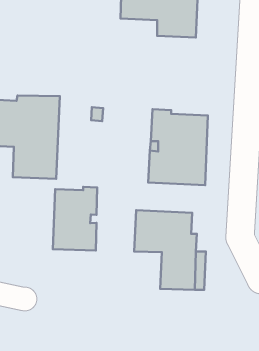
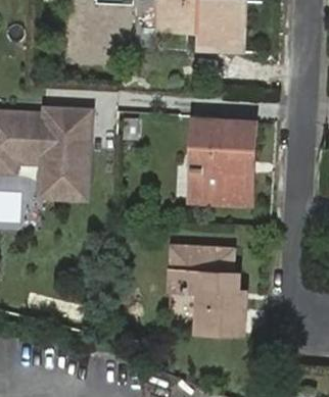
building: [53,187,97,251] -> none

